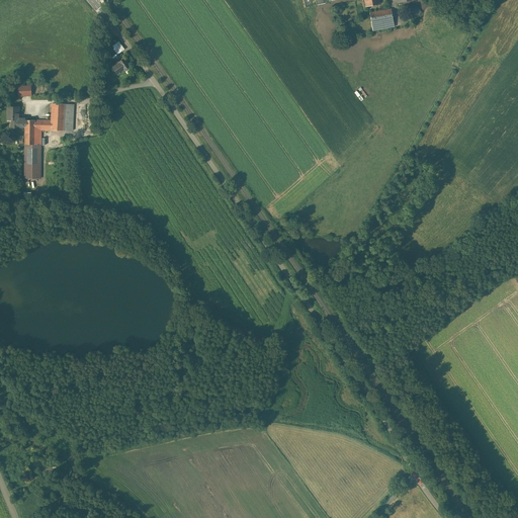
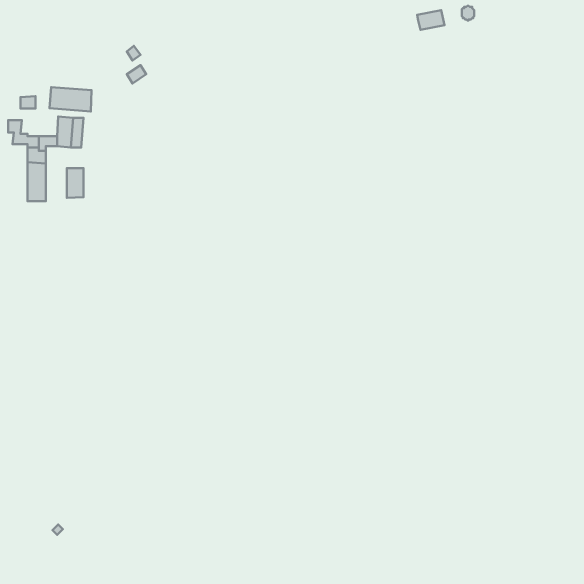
building: none -> [50,87,91,112]
building: none -> [67,168,84,198]

